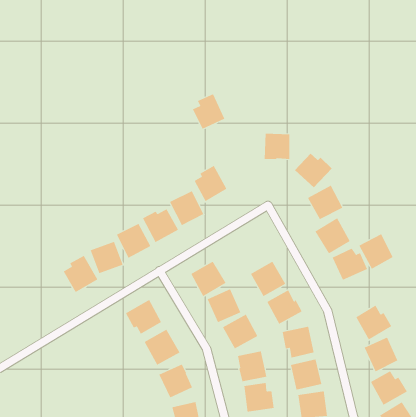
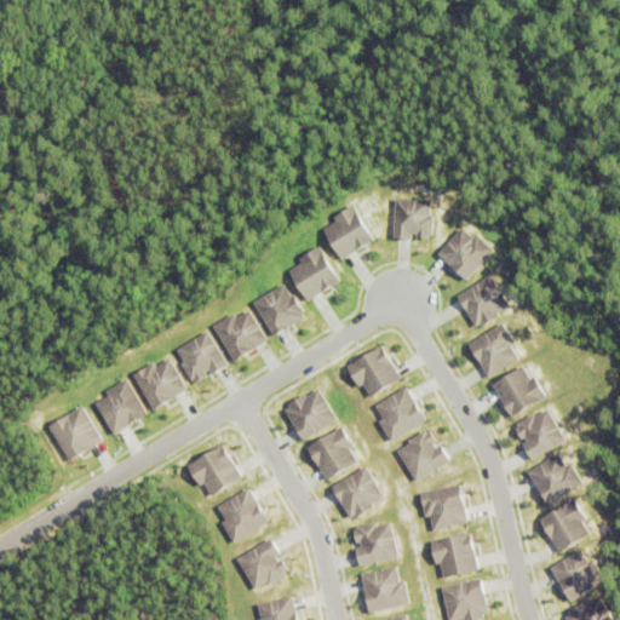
building: [192,93,225,129] -> [322,205,371,258]
building: none -> [345,346,398,396]
building: [358,233,394,269] -> [512,407,564,460]
building: none -> [47,407,99,460]

